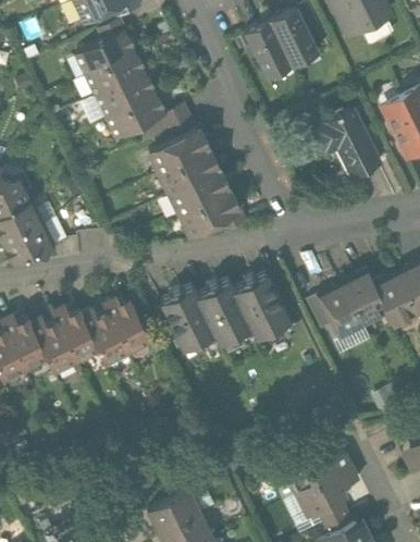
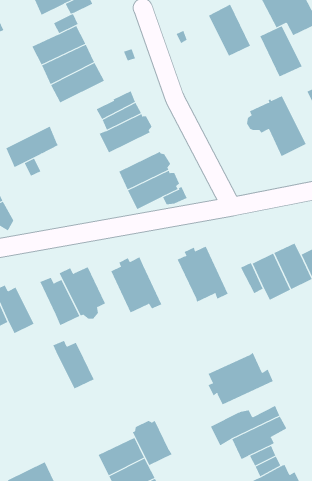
building: [245,20,293,77] -> [260,25,303,77]
building: [104,93,164,139] -> [5,126,59,168]
building: [159,150,218,194] -> none
building: [198,282,256,345] -> none
building: [52,309,99,364] -> [53,340,95,389]
building: none -> [208,352,274,405]
building: none -> [132,420,173,466]

